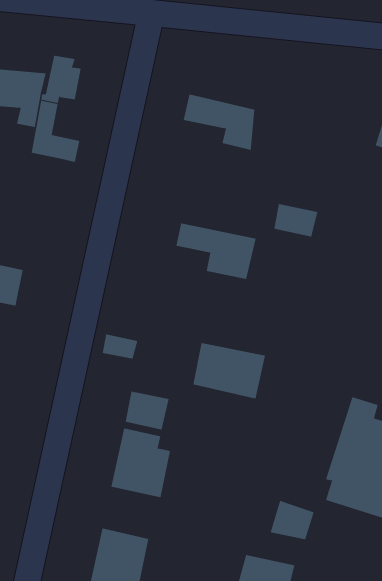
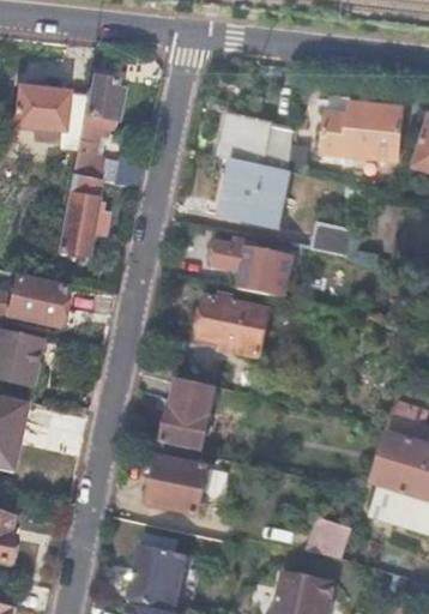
building: none -> [321,101,403,161]
building: none -> [220,157,290,227]
building: none -> [55,171,109,255]
building: [192,342,266,399] -> [198,297,271,354]
building: none -> [173,378,216,416]

